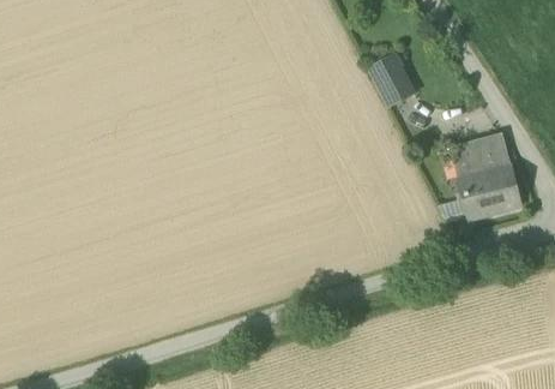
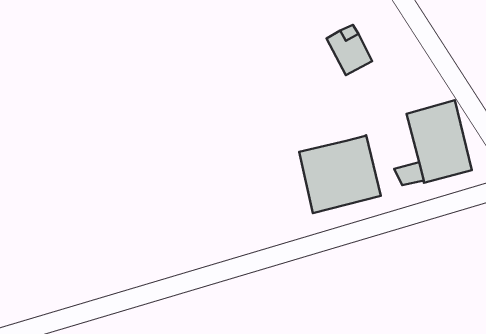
building: none -> [299,135,381,213]

